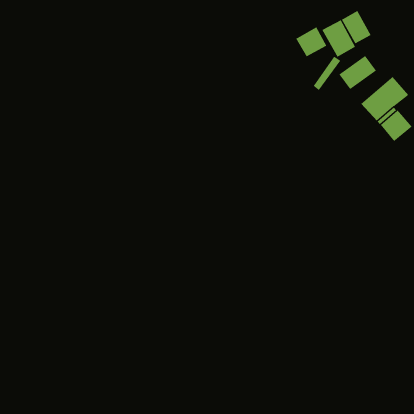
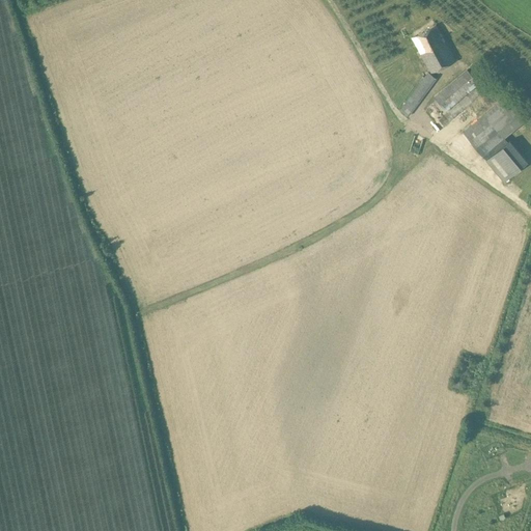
building: [341,10,371,44] -> none
building: [296,27,327,57] -> none

